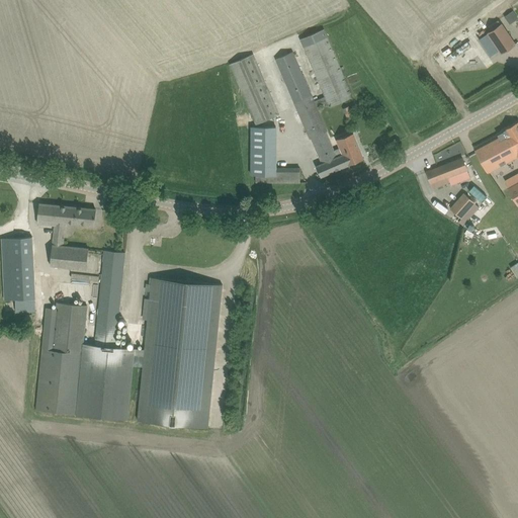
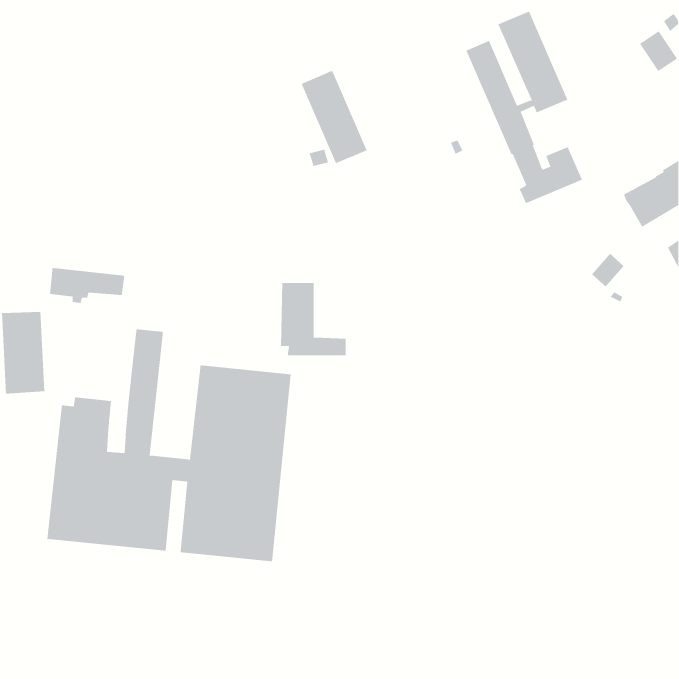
building: [274,30,363,177] -> [466,11,583,204]
building: [249,127,299,183] -> [280,283,347,356]
building: [426,159,466,188] -> none
building: [51,231,87,269] -> none

